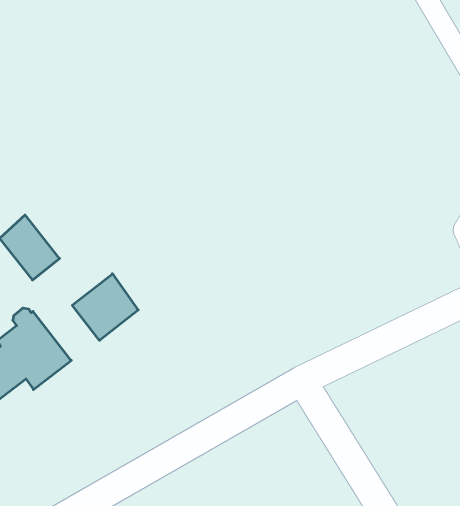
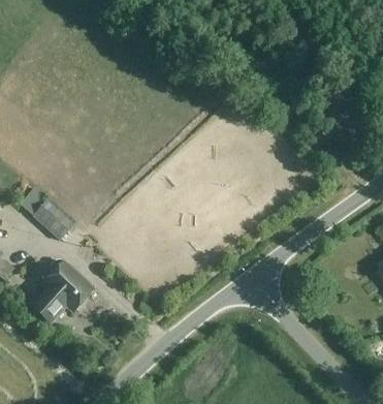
building: [72,274,138,340] -> none

